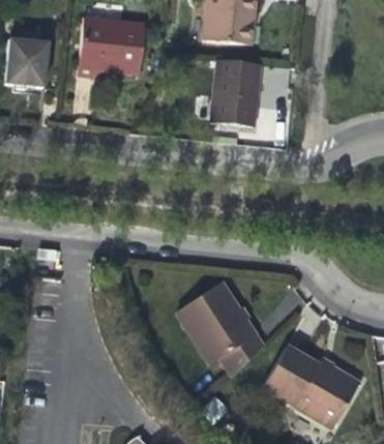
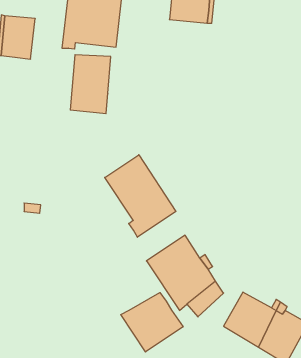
building: [211,62,257,128] -> [70,55,111,114]
building: none -> [105,155,176,237]
building: none -> [121,293,183,352]

